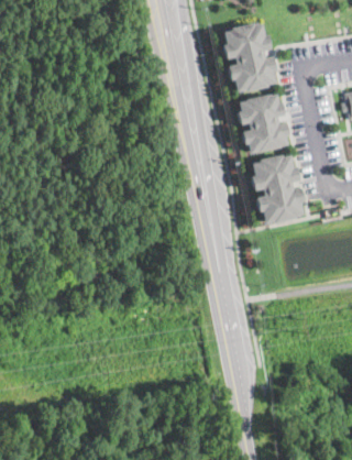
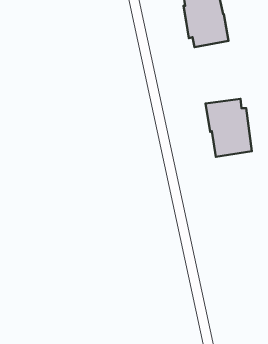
building: [237,92,289,154] -> none

